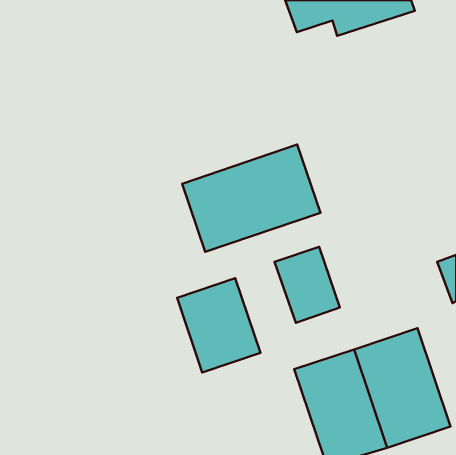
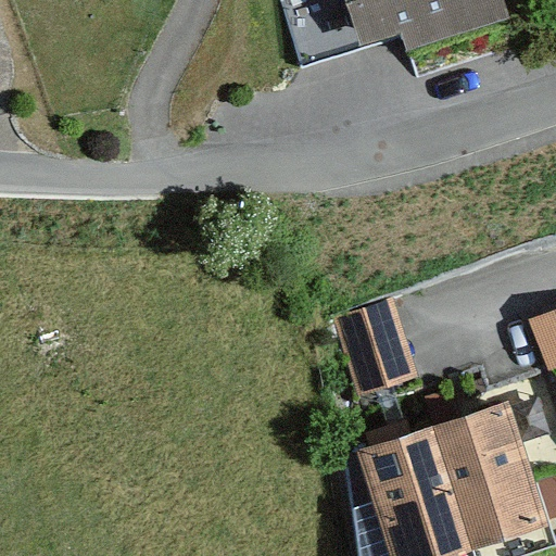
building: [182,145,320,252] -> none
building: [177,278,260,372] -> none

